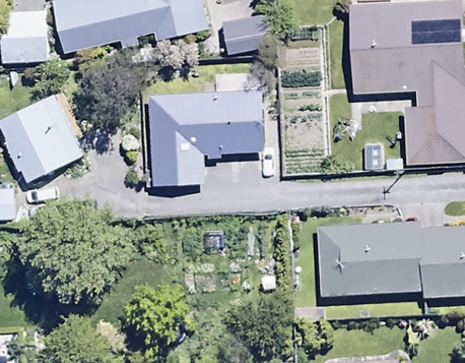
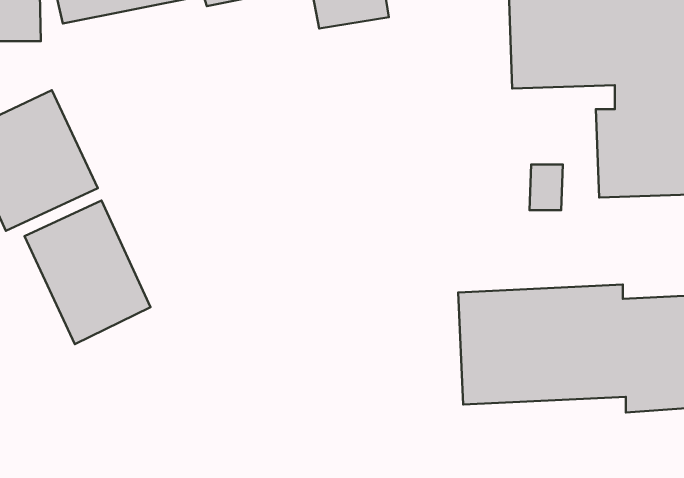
building: [145,90,265,185] -> none
building: none -> [24,200,151,344]

